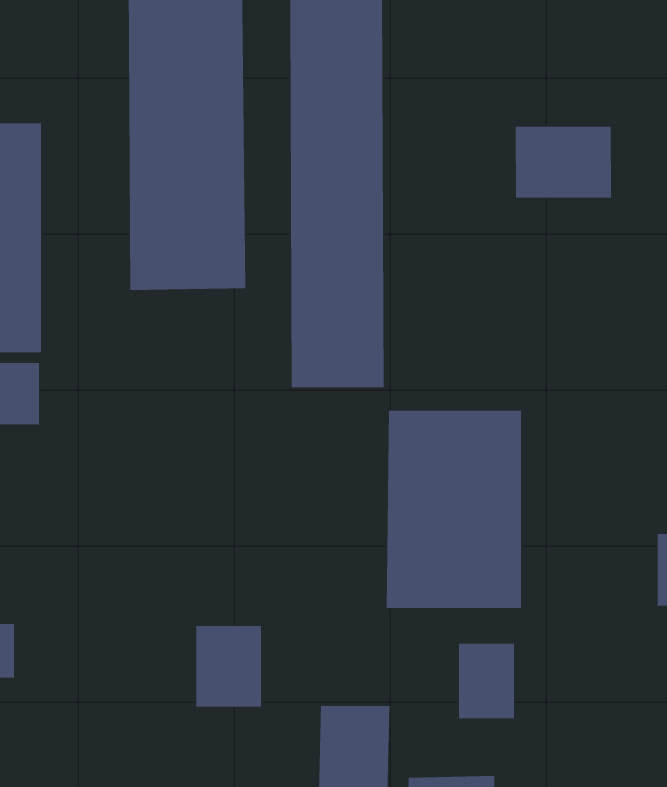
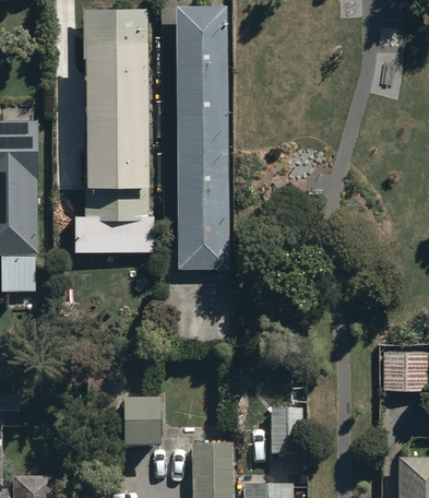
building: [515,126,612,199] -> none
building: none -> [75,214,152,250]
building: [386,410,521,609] -> none

